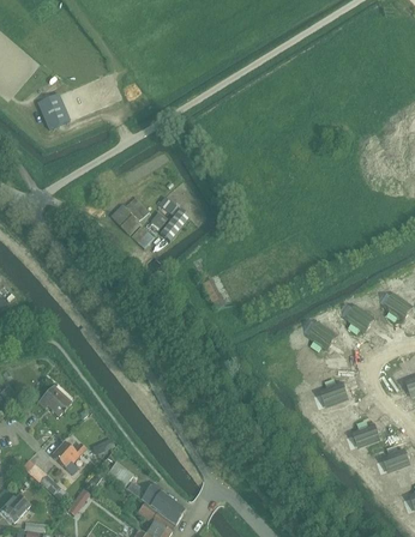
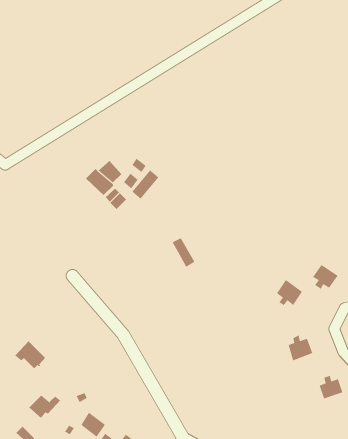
building: [37,93,68,128] -> none

